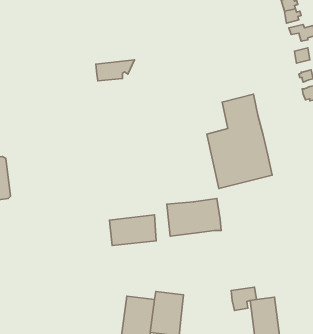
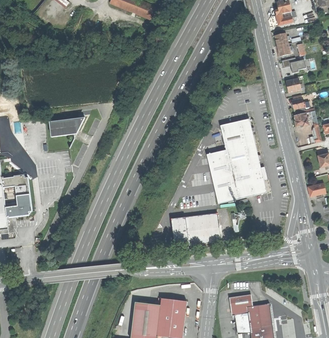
building: [96,60,135,81] -> [50,118,85,137]
building: [110,215,156,246] -> none

